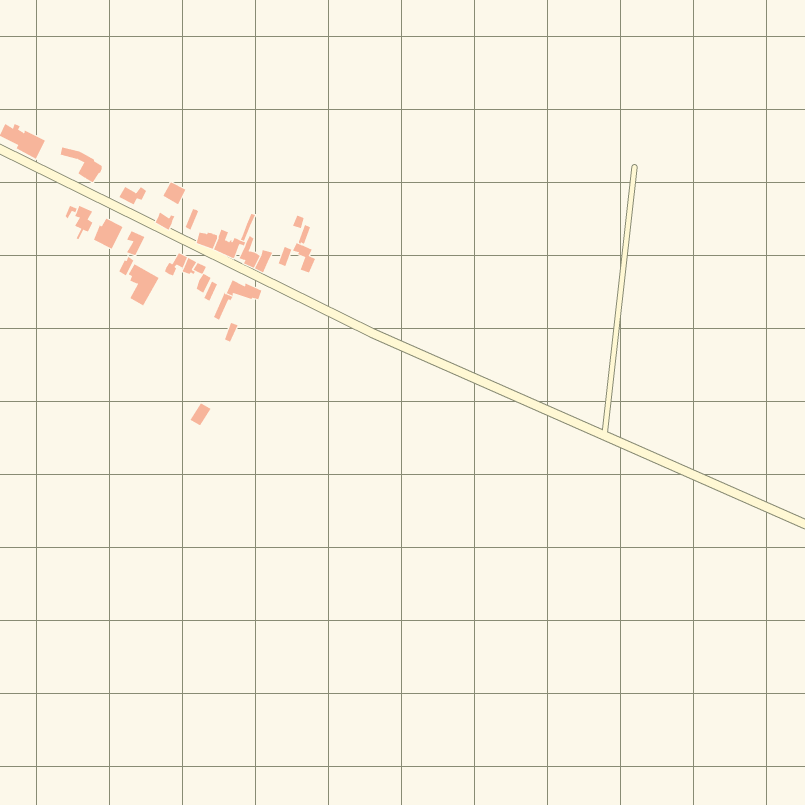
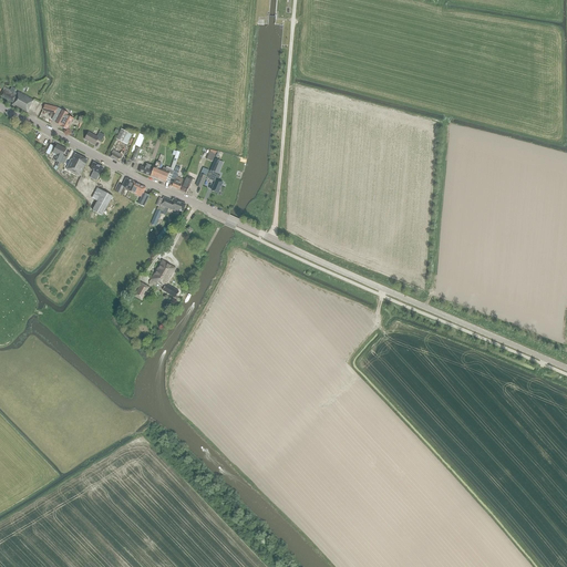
building: none -> [150,259,178,297]

